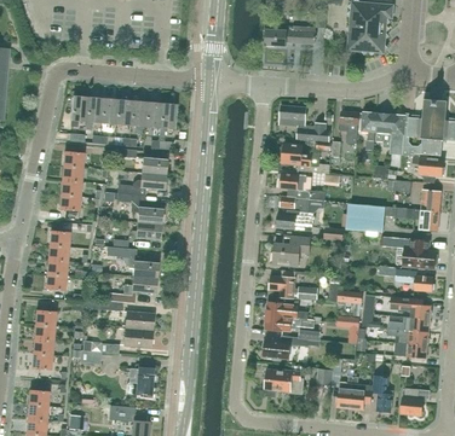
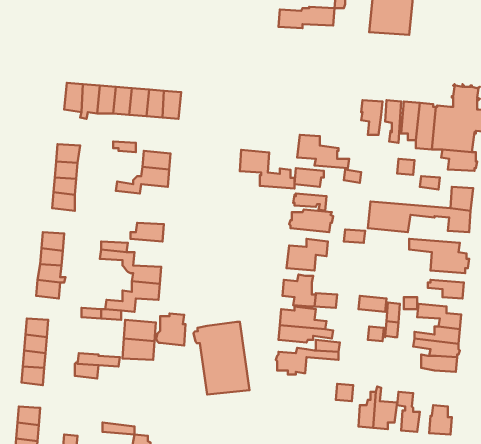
building: [280,105,329,140] -> [240,150,295,189]
building: [116,193,163,223] -> none
building: none -> [194,322,249,394]
building: [265,365,303,396] -> none
building: [126,366,152,395] -> [156,313,185,345]

